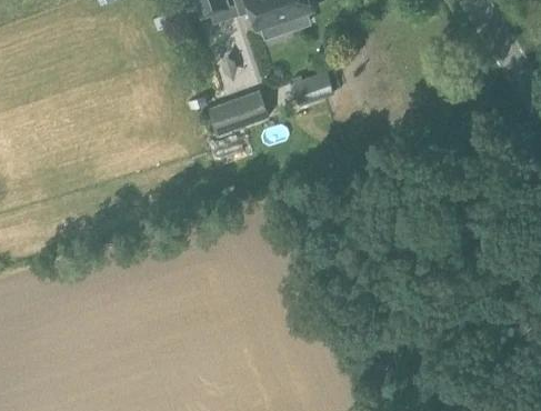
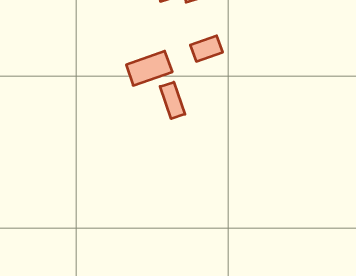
building: none -> [160,82,185,119]

